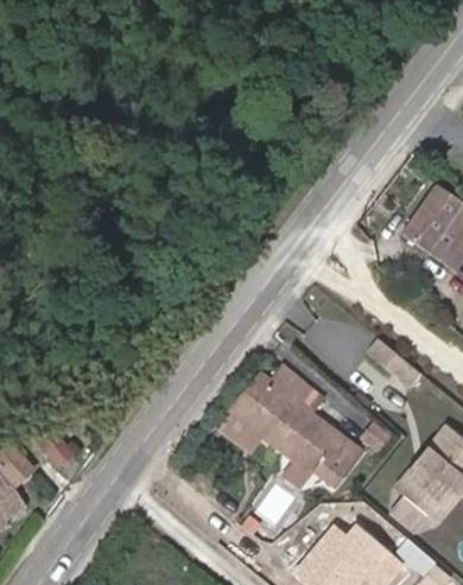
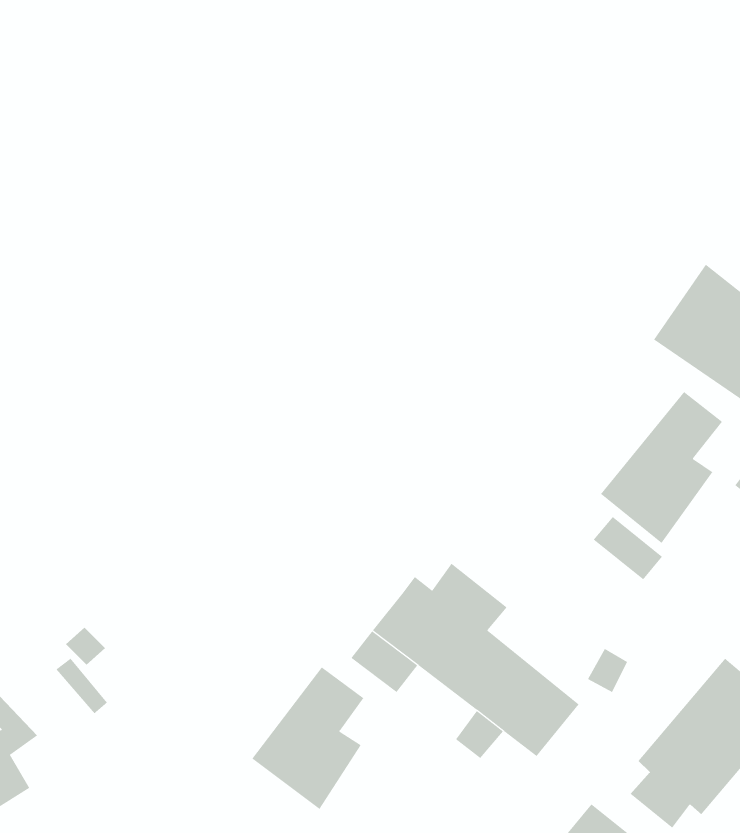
building: none -> [600,391,723,544]
building: none -> [252,667,364,810]

